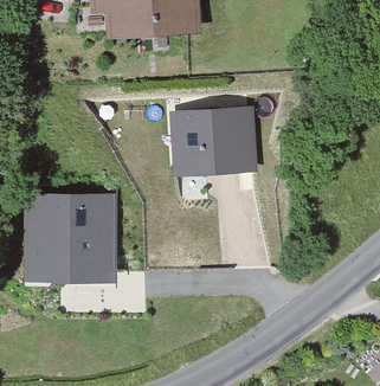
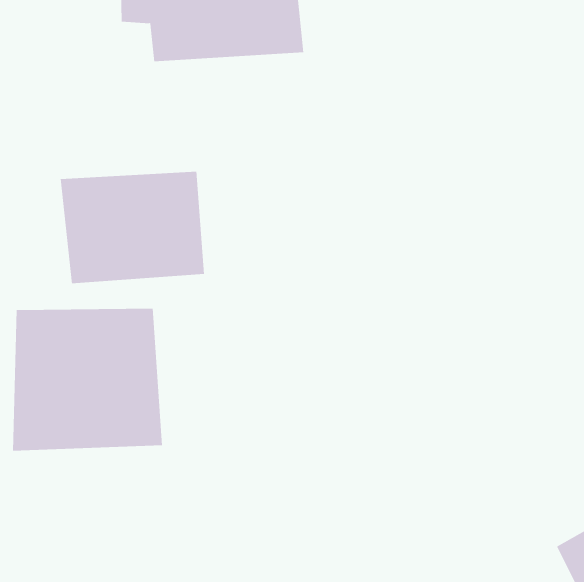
building: [168,108,258,178] -> [60,171,205,284]

